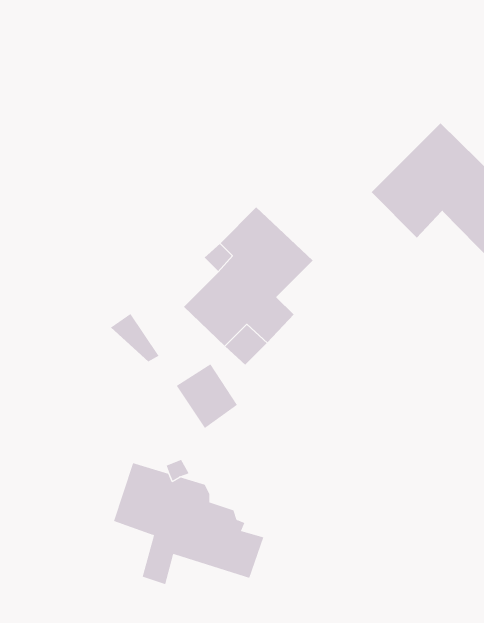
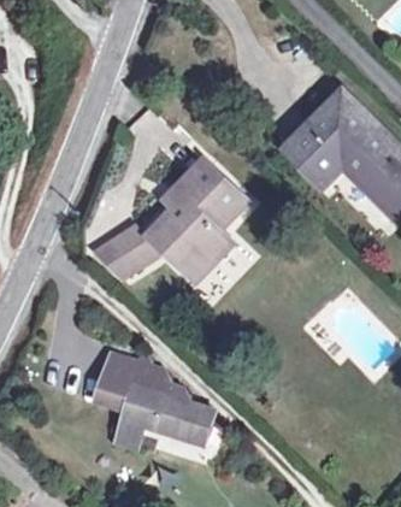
building: [176,364,238,429] -> [107,224,154,273]

